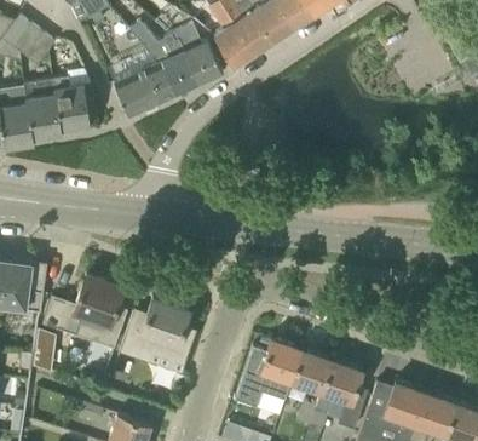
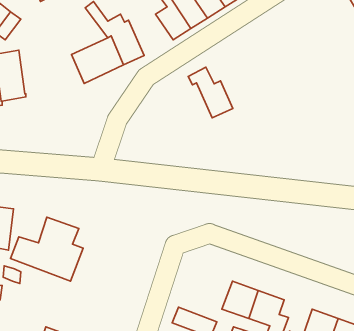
building: [172,27,224,86] -> [188,67,233,118]
building: [53,70,98,131] -> none
building: [121,298,196,365] -> none
building: [260,339,303,383] -> none

